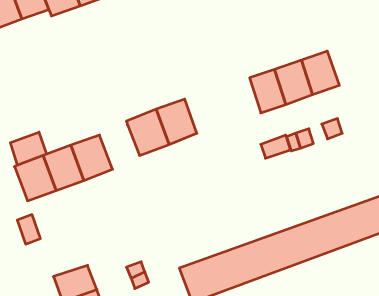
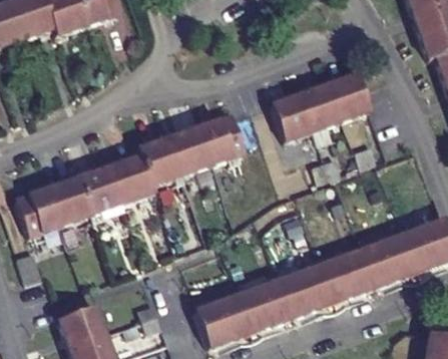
building: none -> [201,114,247,163]
building: none -> [109,154,153,203]
building: [10,132,47,165] -> none

